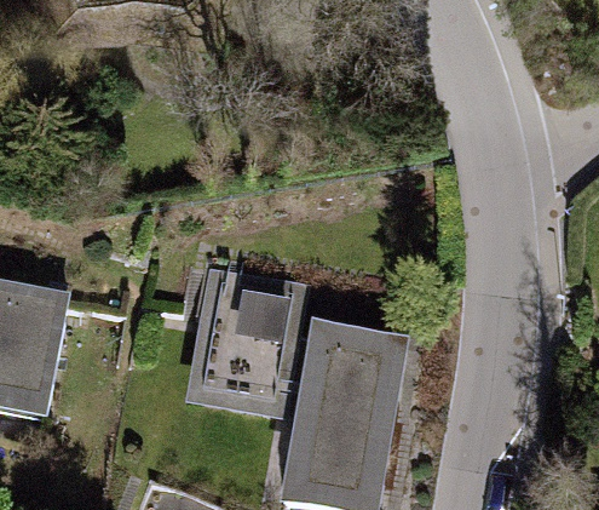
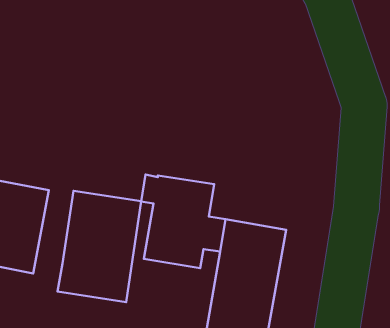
building: none -> [58,191,141,302]

